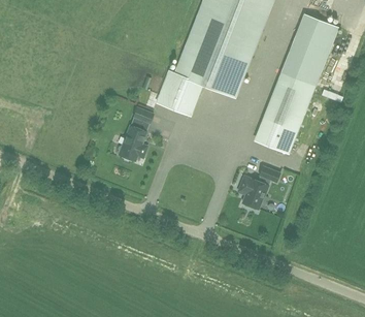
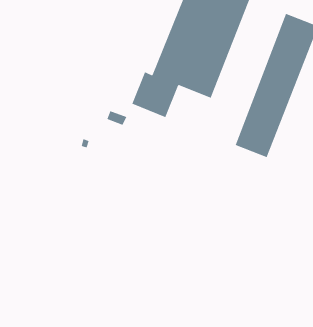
building: [118,124,146,159] -> none
building: [236,173,270,208] -> none

